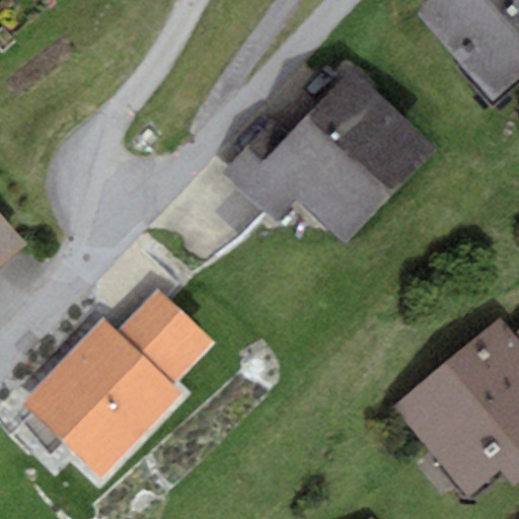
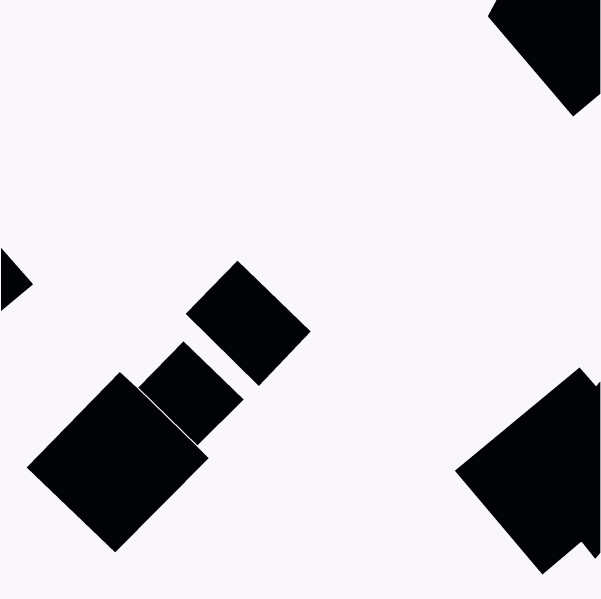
building: [222,69,432,240] -> none
building: none -> [185,260,312,387]

